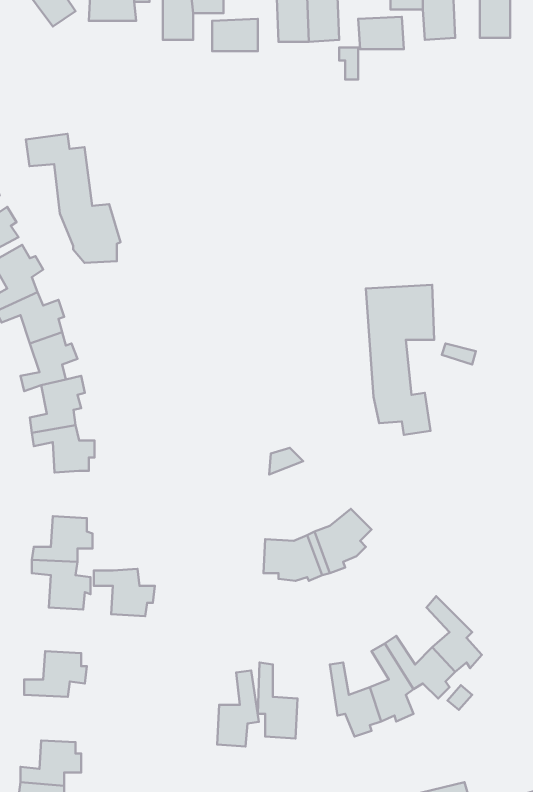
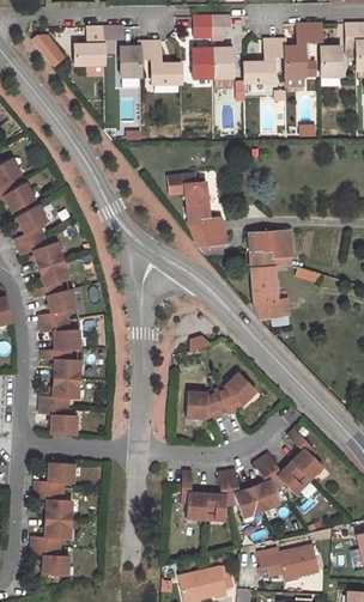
building: [26,134,121,263] -> [169,174,229,255]
building: [94,569,155,616] -> [42,348,80,378]
building: [217,671,259,746] -> [206,470,232,518]
building: none -> [34,489,72,519]

